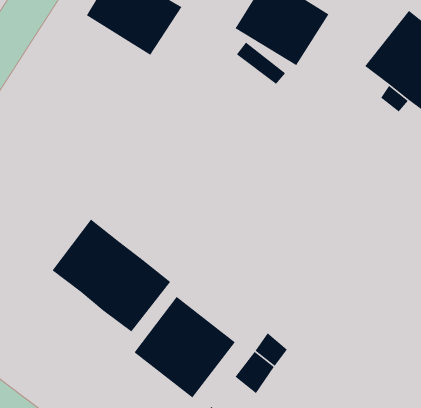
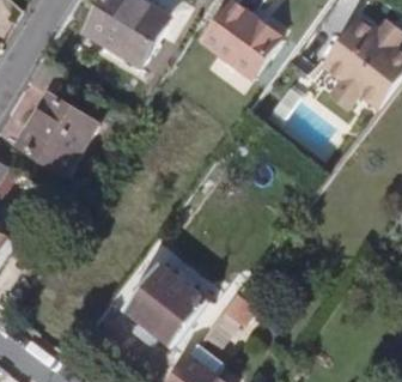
building: none -> [18,96,95,172]
building: [52,219,171,332] -> none

